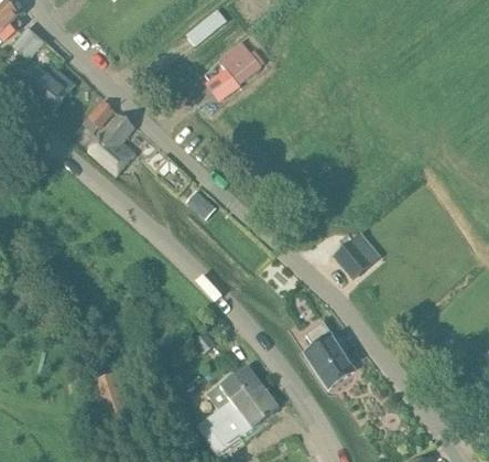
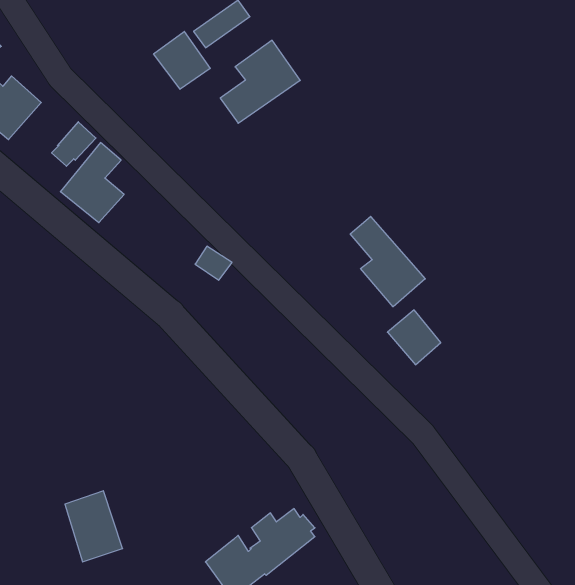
building: none -> [154,31,210,89]
building: none -> [350,216,425,307]
building: [304,322,354,387] -> none
building: [205,366,262,419] -> none

